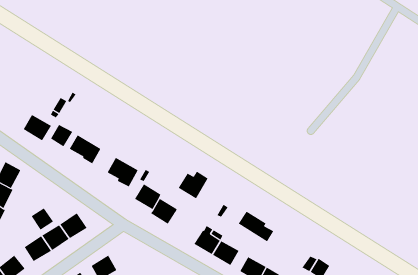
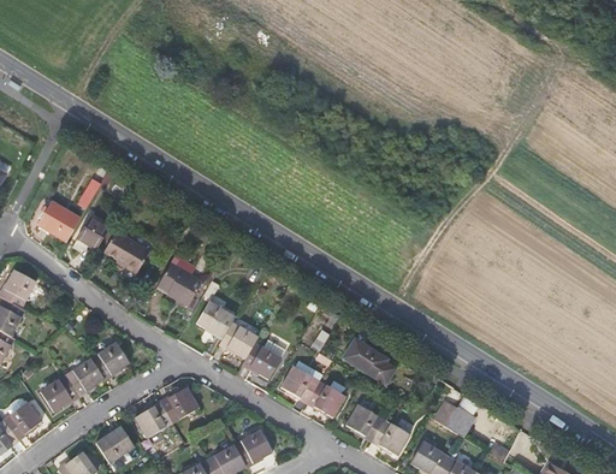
building: [178,171,209,199] -> [242,338,285,378]
building: [31,208,54,230] -> none
building: none -> [160,385,199,422]

